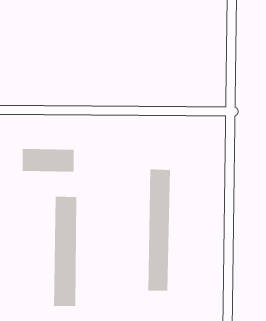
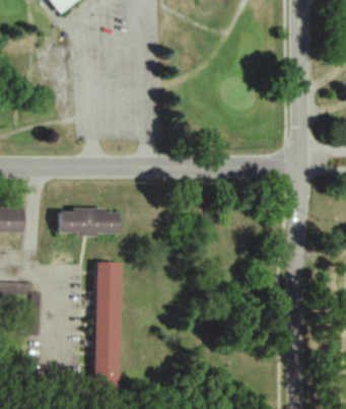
building: [148,169,171,292] -> none

